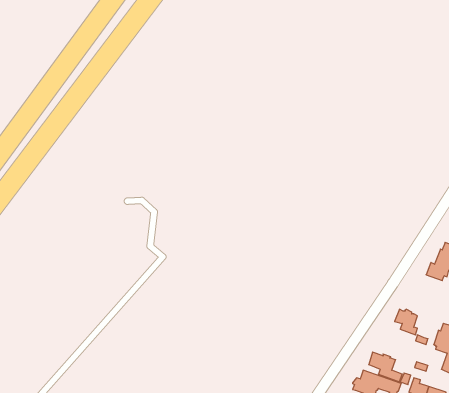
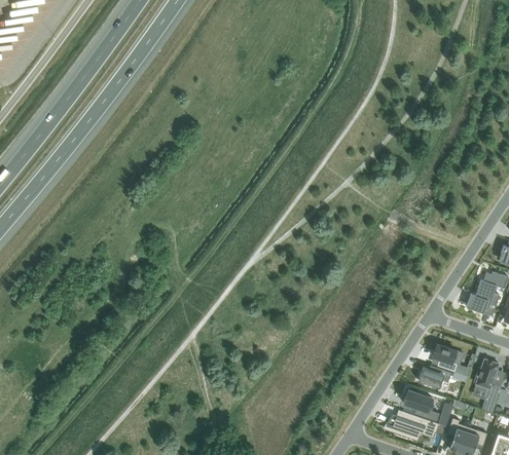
building: none -> [419,365,451,388]

